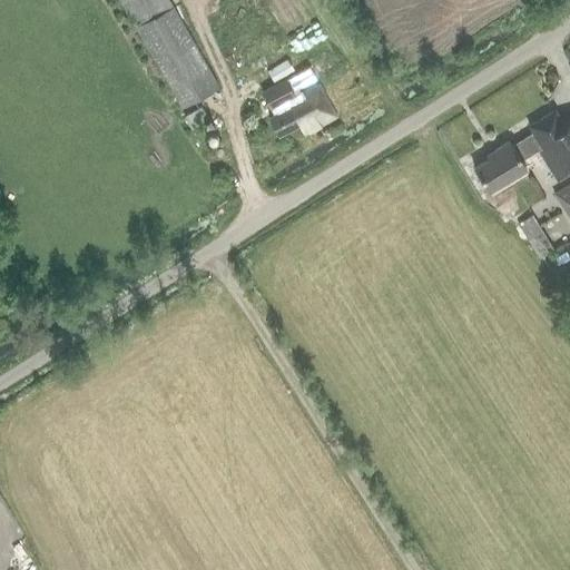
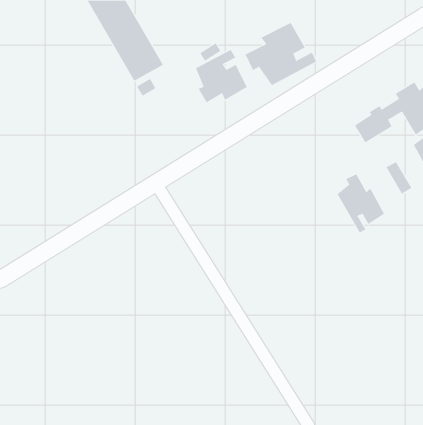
building: none -> [245,22,317,86]
building: none -> [337,173,385,233]

